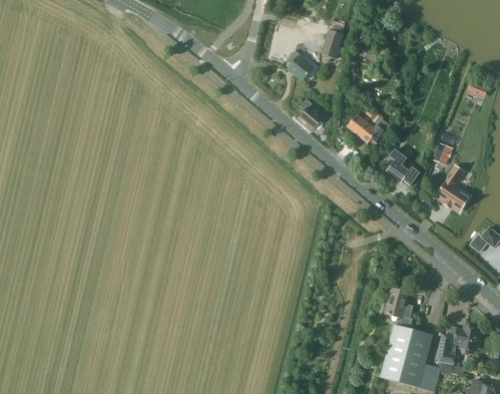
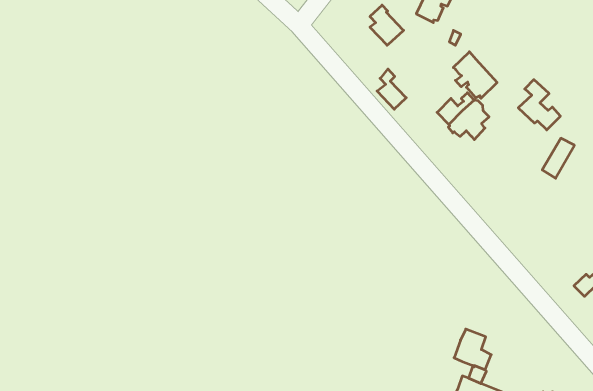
building: none -> [453,52,497,98]
building: [386,148,419,185] -> [518,80,560,130]
building: [435,167,470,213] -> none

